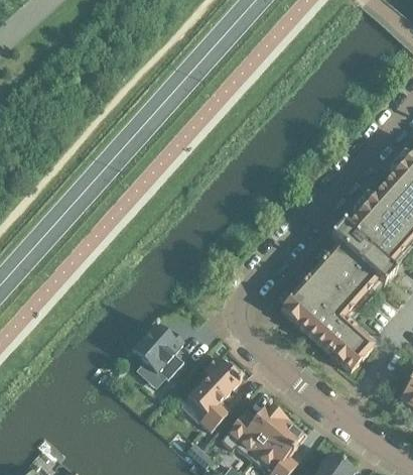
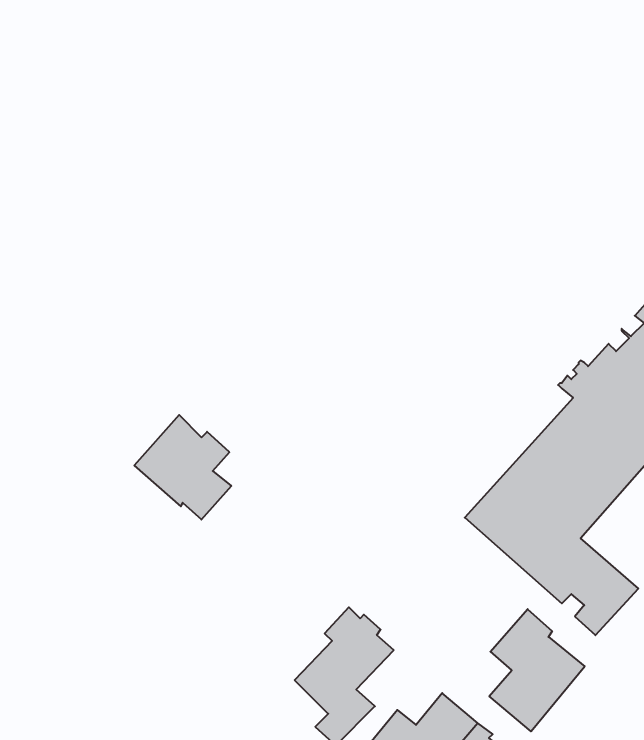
building: [131,324,183,380] -> [134,415,231,520]
building: none -> [489,609,585,731]

